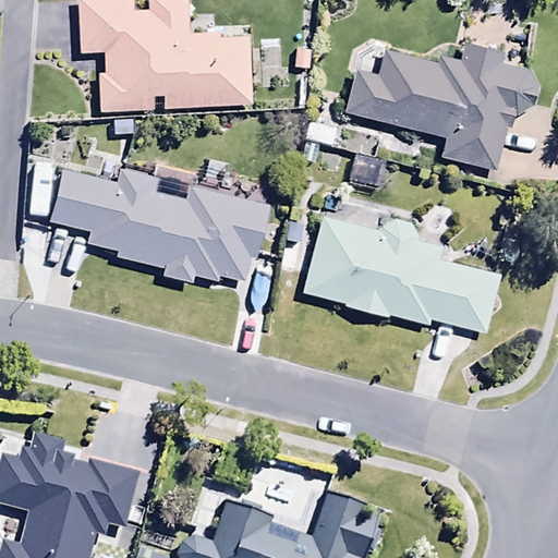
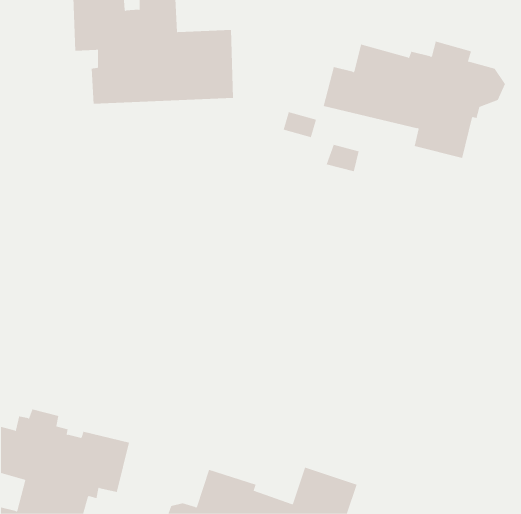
building: [51,166,270,282] -> none
building: [303,214,501,331] -> none

